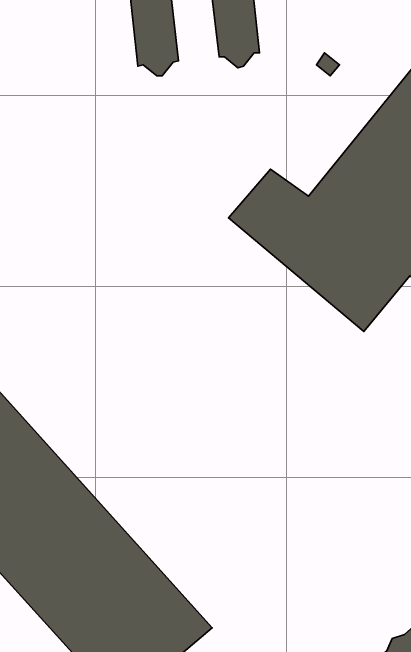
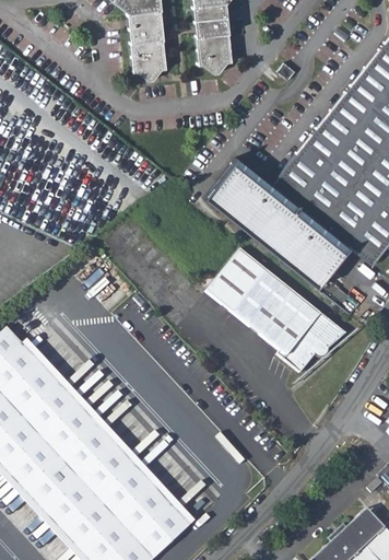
building: none -> [209,245,346,365]

